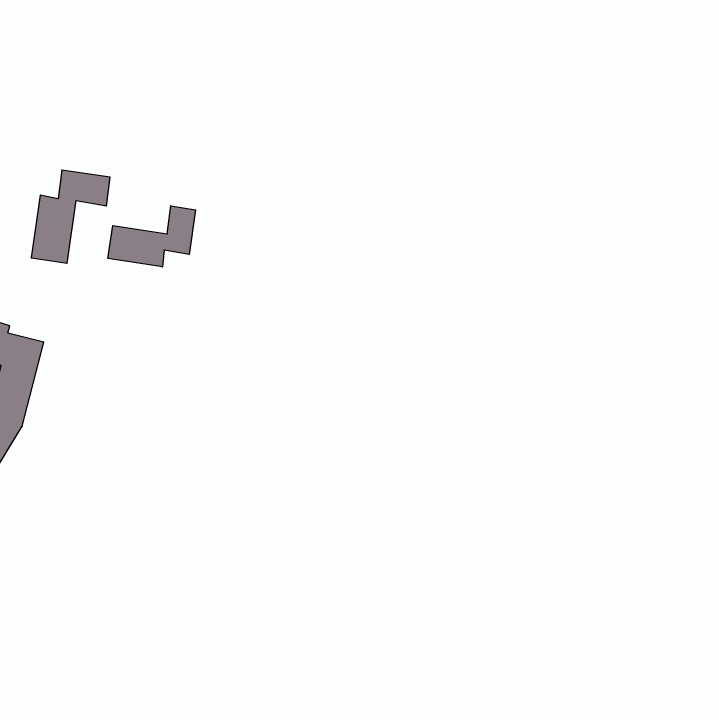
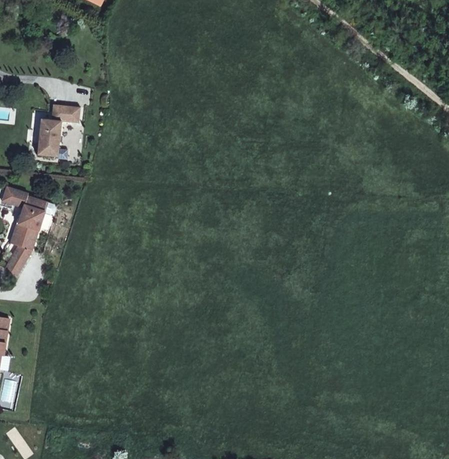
building: [108,206,196,267] -> none

